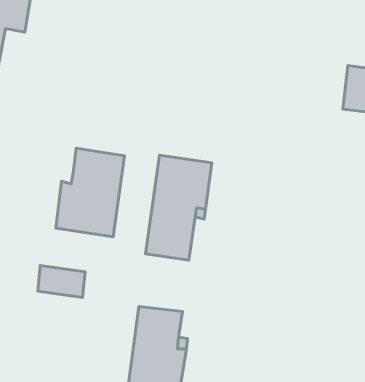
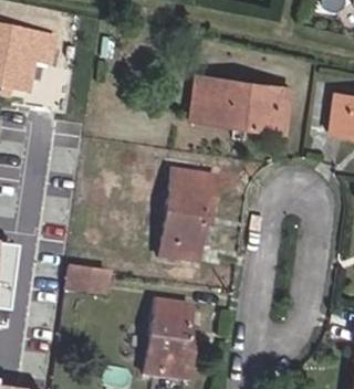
building: none -> [191,75,291,133]
building: [56,148,125,237] -> none

